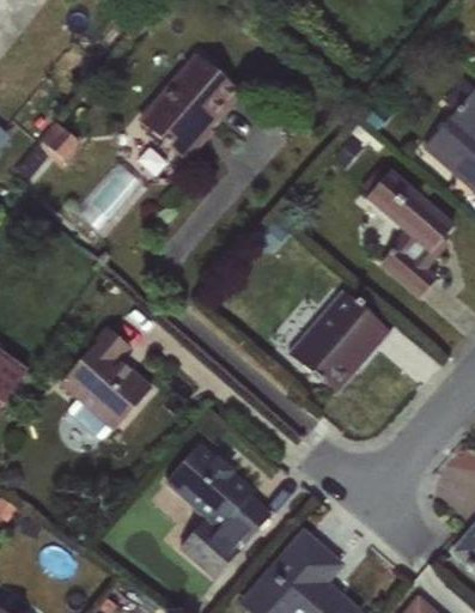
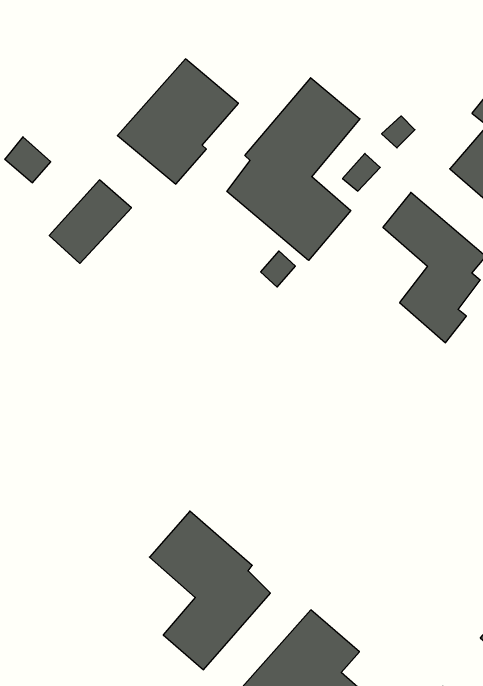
building: none -> [227,78,360,260]
building: [287,291,391,396] -> none
building: [60,327,152,431] -> none

